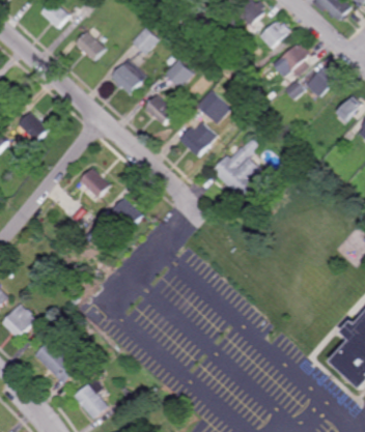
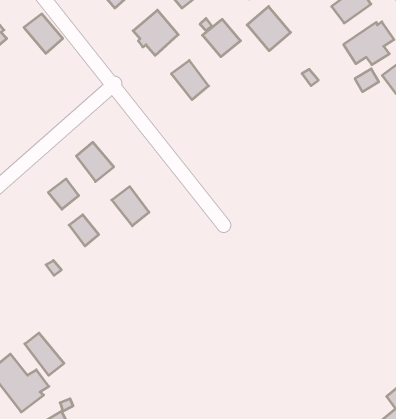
building: [196,89,230,123] -> [247,6,291,51]
building: [17,112,48,142] -> [24,14,63,53]
building: [176,122,215,156] -> none
building: [210,137,260,198] -> none
building: none -> [25,333,64,375]

